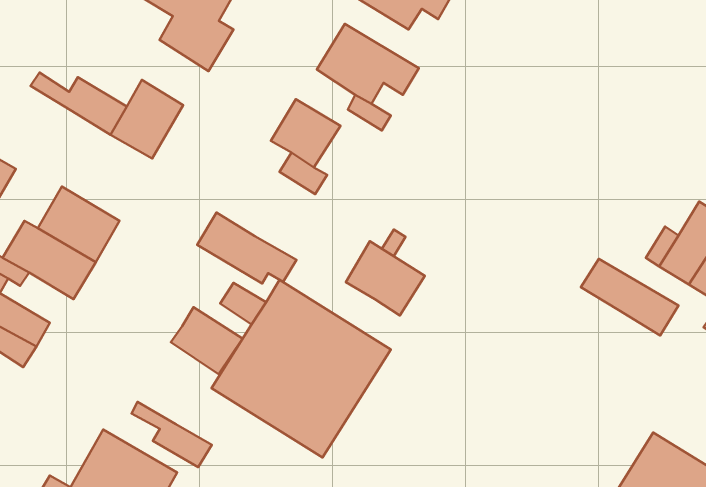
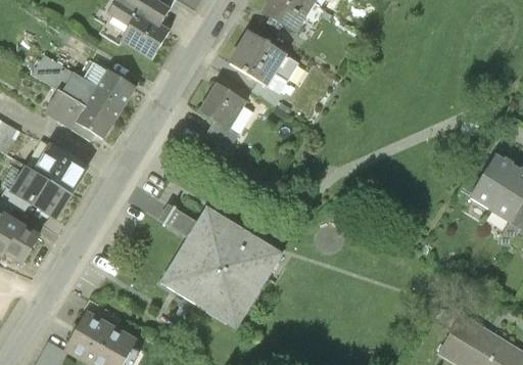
building: [197,212,296,283] -> [48,90,116,139]
building: [346,241,425,315] -> none
building: [581,259,679,336] -> none
building: [171,307,243,374] -> none
building: [132,402,212,467] -> none

